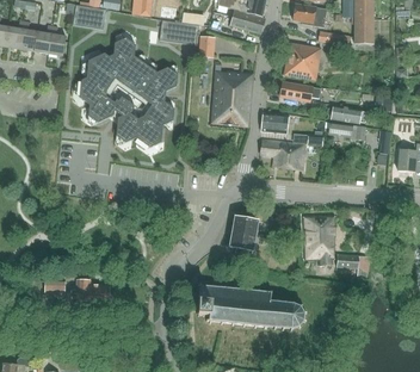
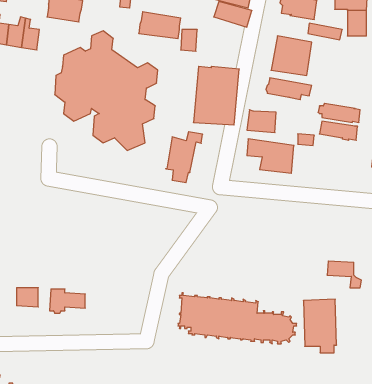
building: [229,211,264,259] -> [166,132,203,183]
building: [303,215,334,265] -> [303,299,337,353]

